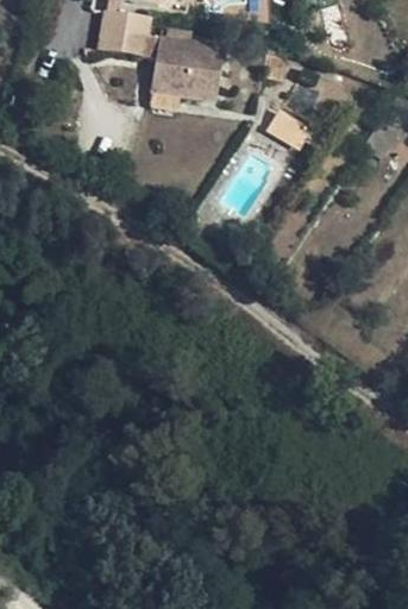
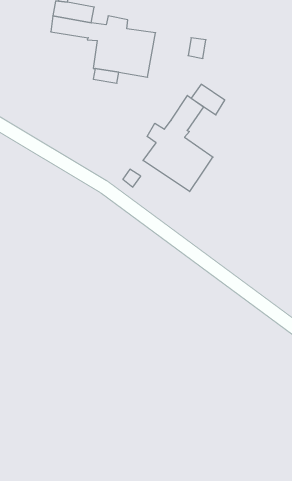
building: none -> [143,95,213,192]

